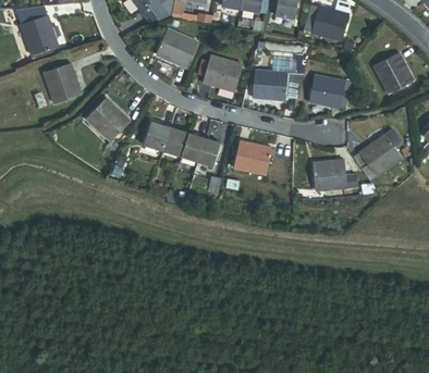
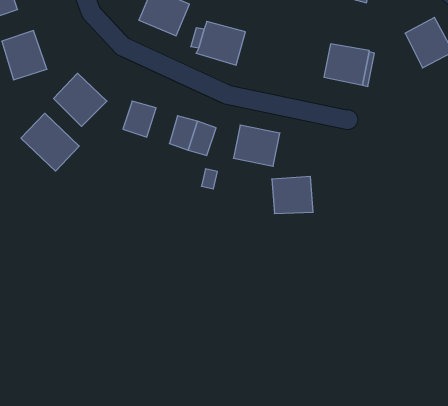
building: [253,70,289,101] -> none
building: [163,126,188,156] -> none
building: none -> [21,113,79,171]
building: [359,133,402,174] -> none
building: [312,159,346,189] -> [272,176,313,214]

